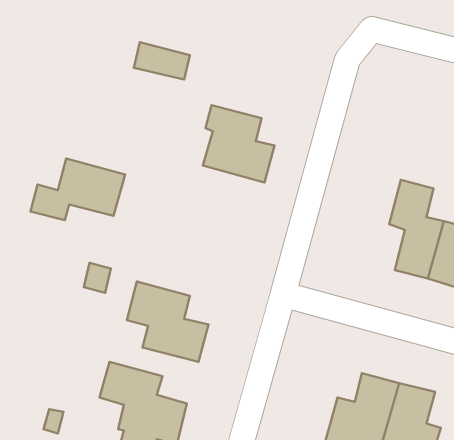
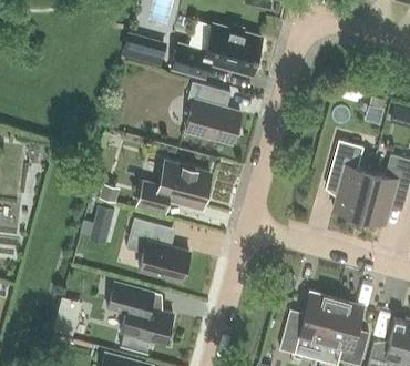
building: none -> [171,26,262,80]
building: [30,159,125,220] -> [137,163,211,211]

